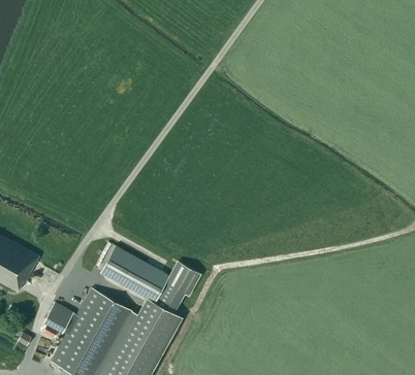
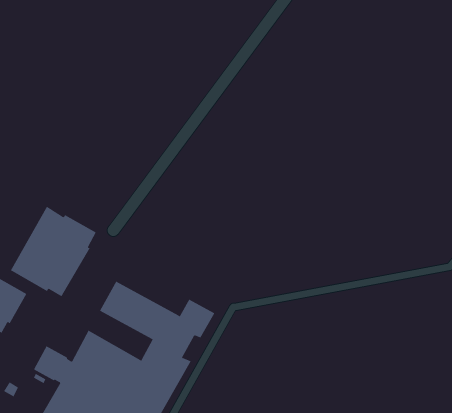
building: none -> [10,206,96,297]

